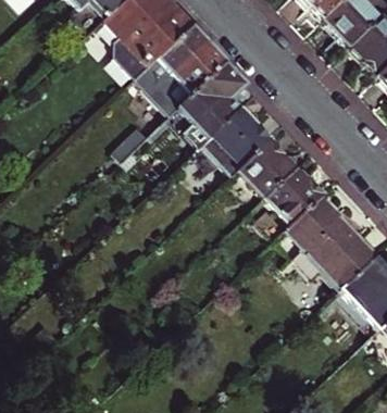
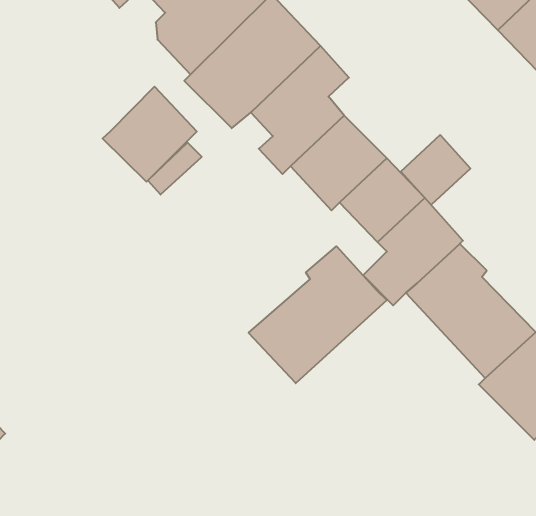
building: none -> [103,87,197,182]
building: none -> [401,135,470,205]
building: none -> [249,246,387,383]

